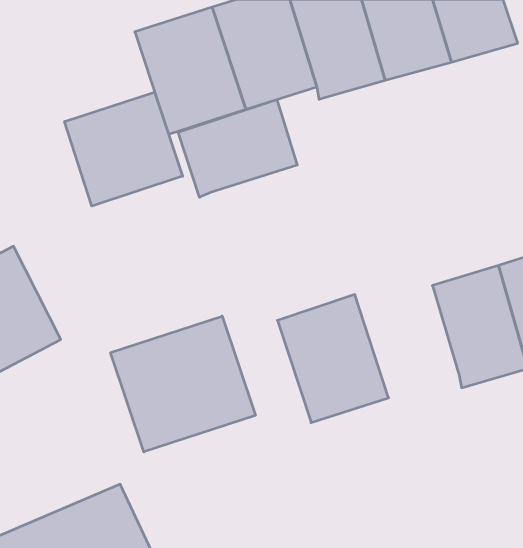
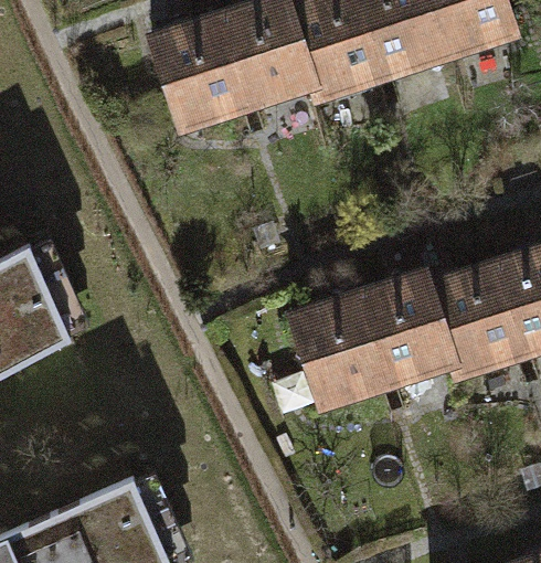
building: [65,92,183,206] -> none
building: [178,100,297,197] -> none
building: none -> [361,269,464,392]
building: [111,316,255,452] -> none

